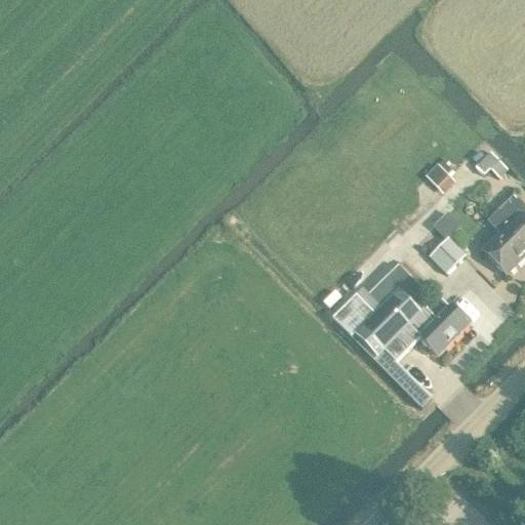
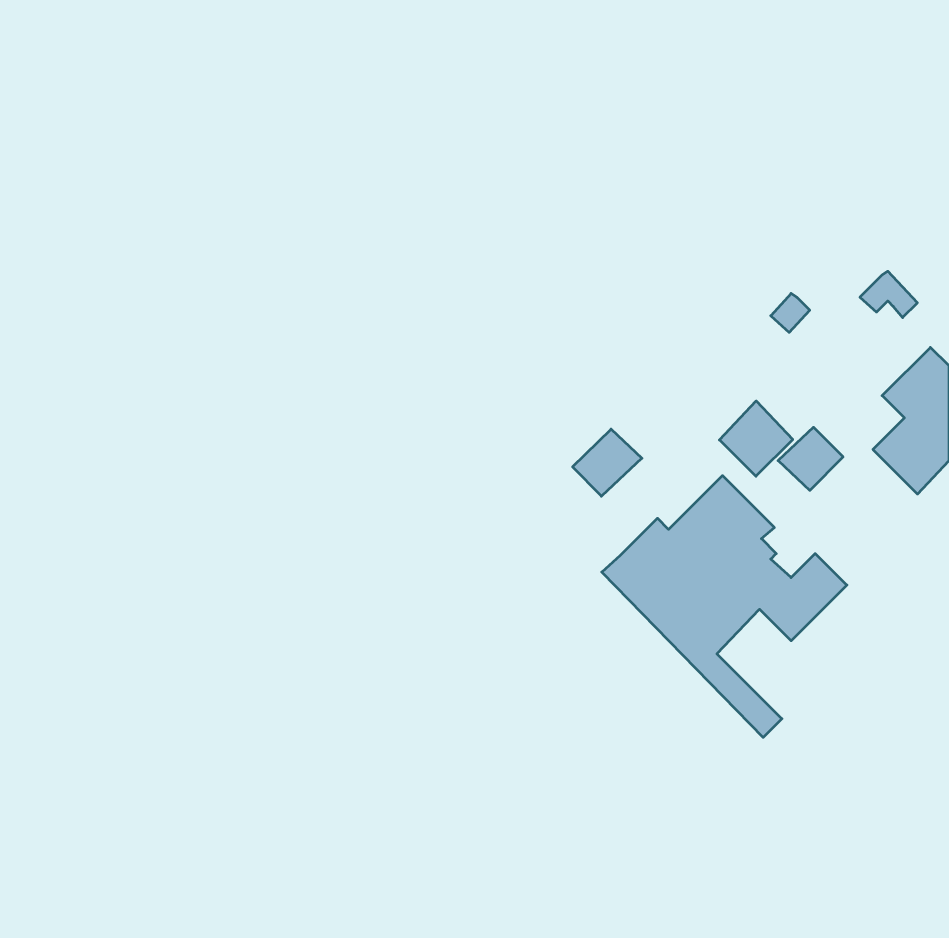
building: none -> [719,401,793,476]
building: none -> [573,429,642,496]

